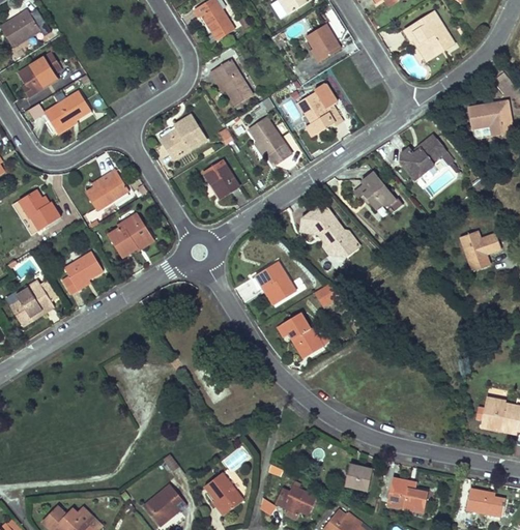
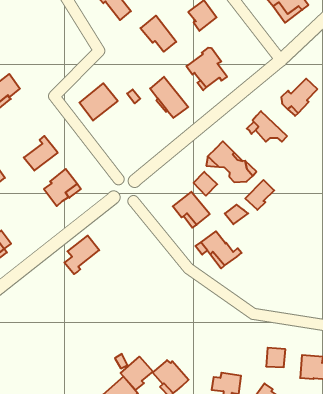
building: [207,61,250,107] -> [140,16,176,52]
building: [199,163,235,201] -> none
building: none -> [194,172,217,196]
building: [53,254,97,299] -> [64,236,99,274]
building: none -> [245,180,274,210]
building: none -> [121,357,153,390]

